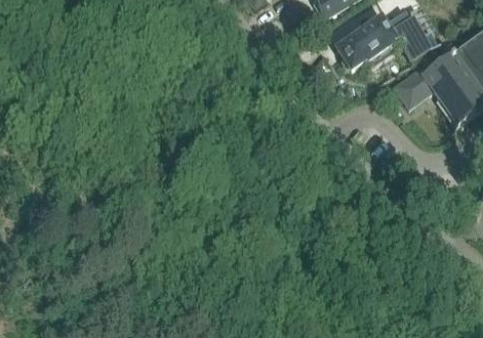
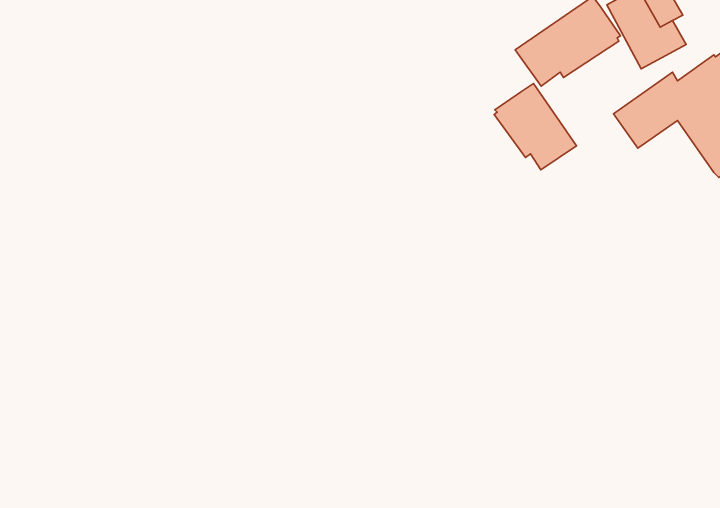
building: none -> [494,83,577,170]

